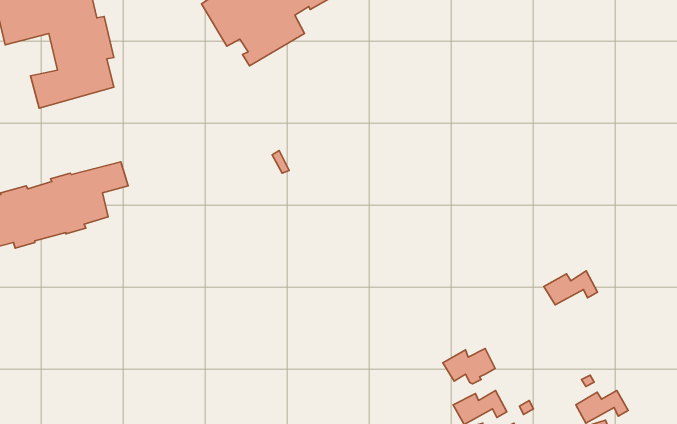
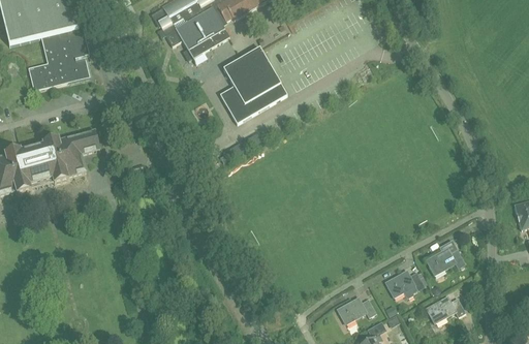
building: none -> [219,45,286,122]
building: [544,271,598,305] -> [426,247,465,272]
building: [443,349,495,384] -> [385,271,424,296]

